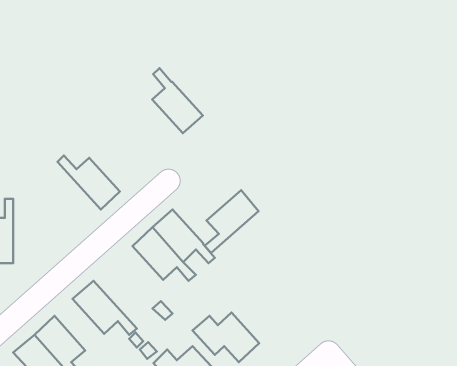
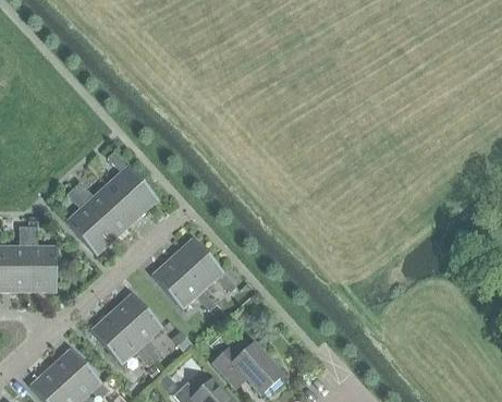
building: [152,68,203,133] -> [107,150,159,218]
building: none -> [65,187,119,256]
building: [205,190,259,253] -> none
building: none -> [28,217,57,292]
building: none -> [111,292,163,360]

